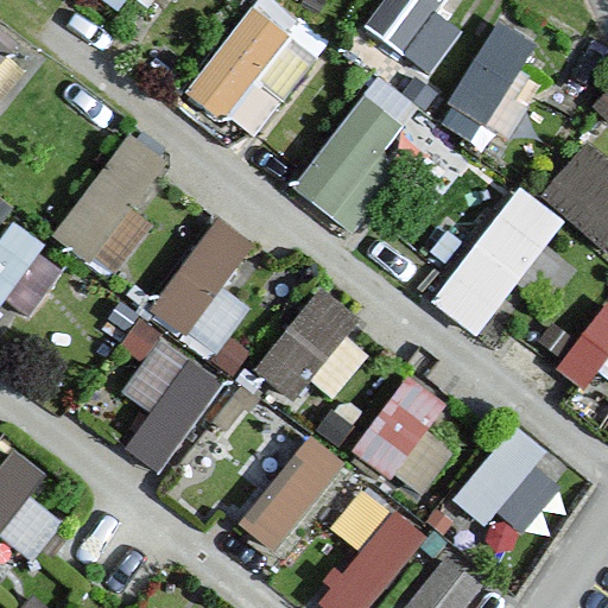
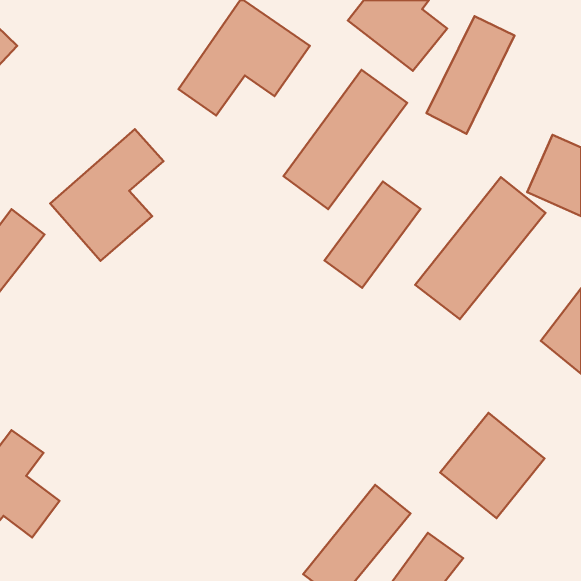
building: [150,216,255,355] -> none
building: [256,289,356,399] -> [324,181,420,288]
building: [120,340,224,473] -> none
building: [355,374,456,496] -> none
building: [240,431,346,556] -> none

